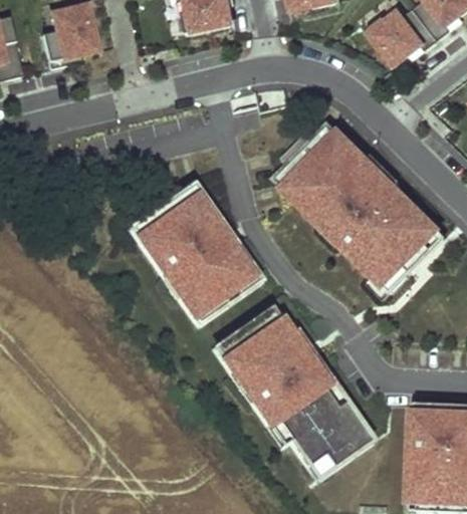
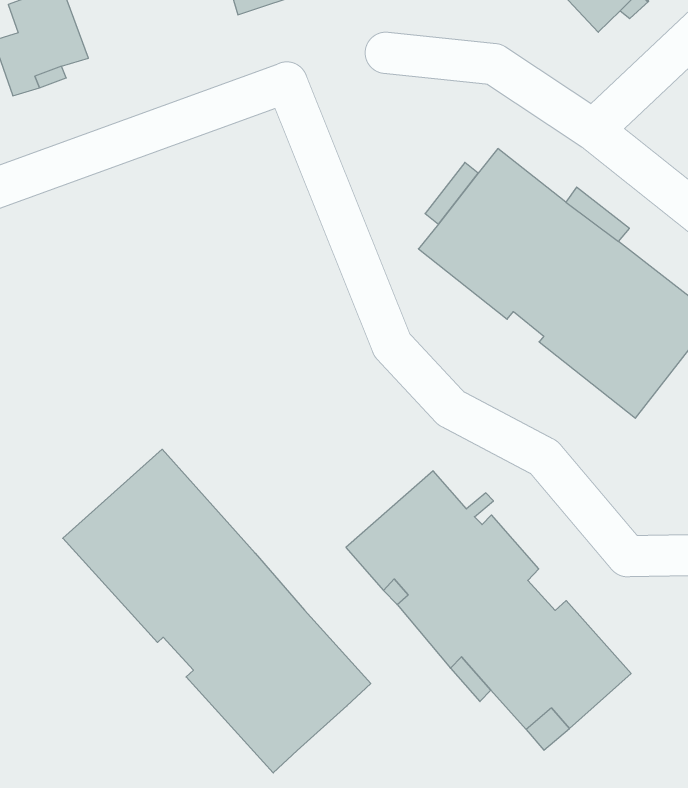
building: [129,188,257,321] -> none
building: none -> [63,449,371,773]

